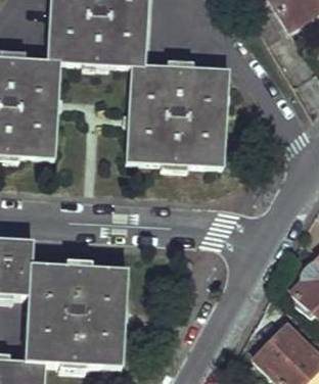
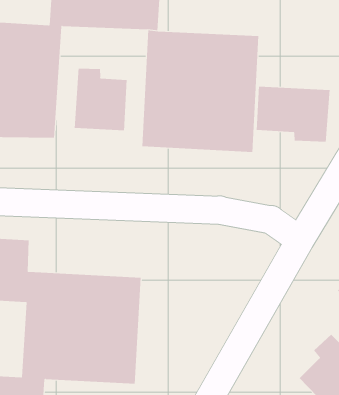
building: none -> [74,68,127,131]
building: none -> [256,86,330,142]

